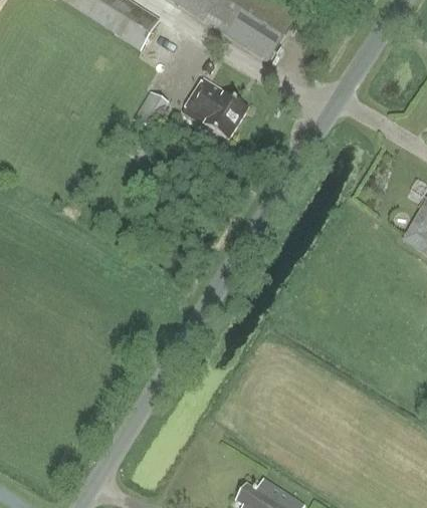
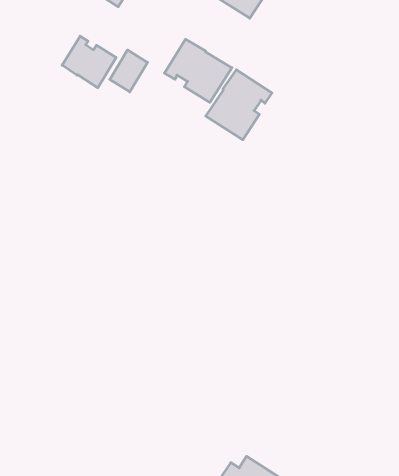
building: none -> [62,36,116,88]
building: none -> [206,70,272,140]

